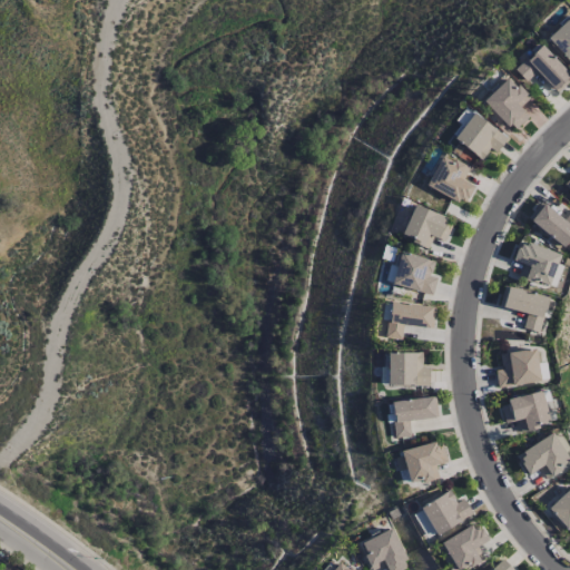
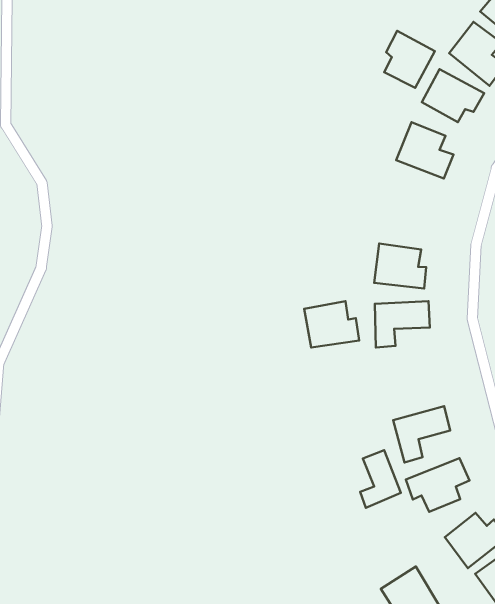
building: none -> [384,31,435,88]
building: [402,205,454,248] -> none
building: [387,352,430,386] -> [304,301,359,347]
building: none -> [360,450,401,508]

